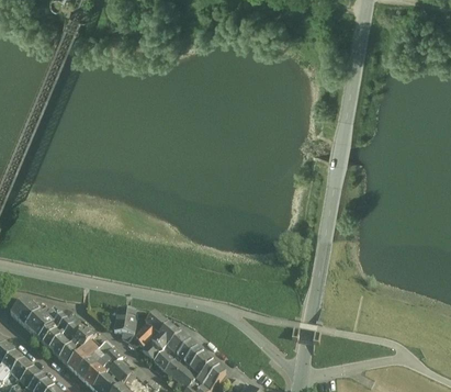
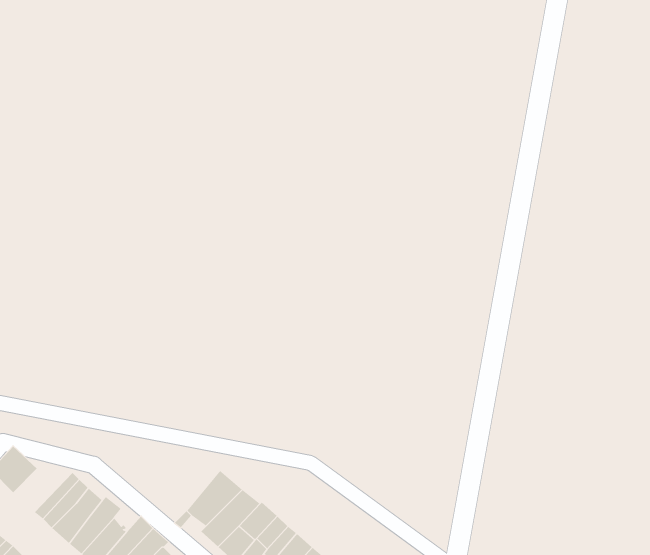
building: [25,310,63,340] -> none
building: [114,310,137,335] -> none

